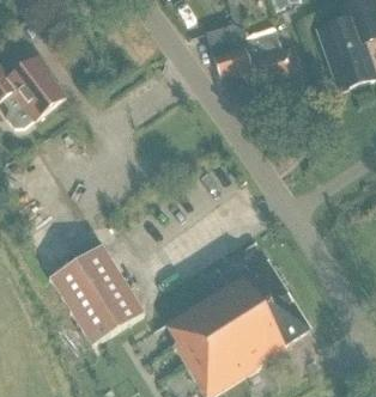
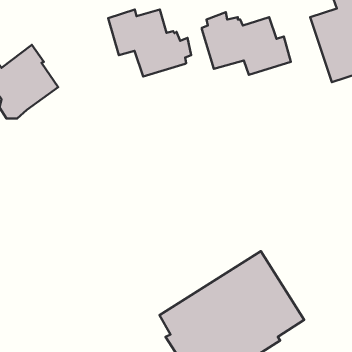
building: none -> [108,10,191,77]
building: [49,244,144,344] -> none

